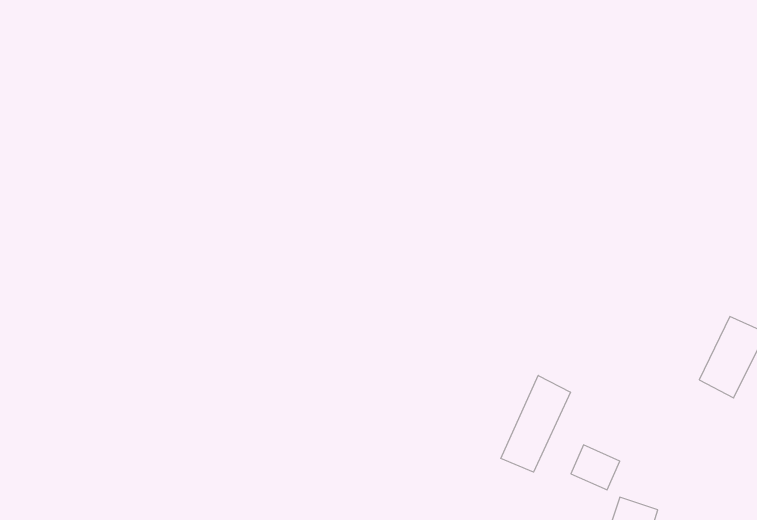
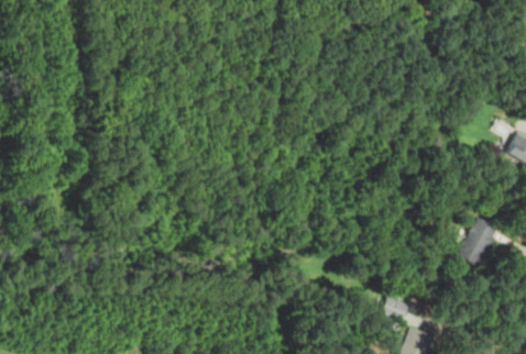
building: [501,375,570,472] -> none

